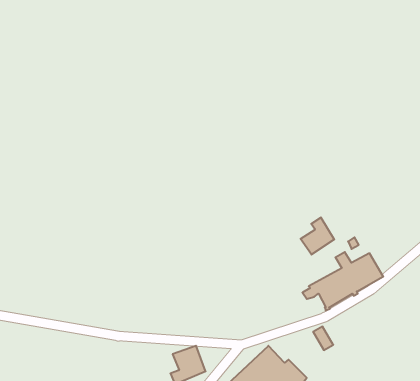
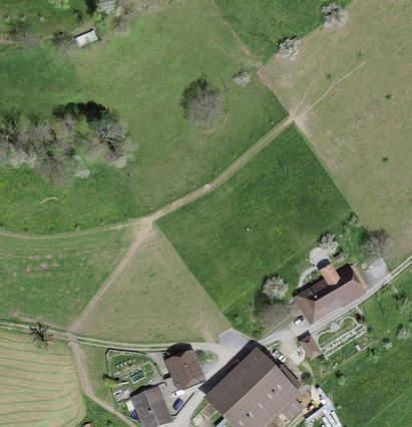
building: [301,217,334,255] -> none

